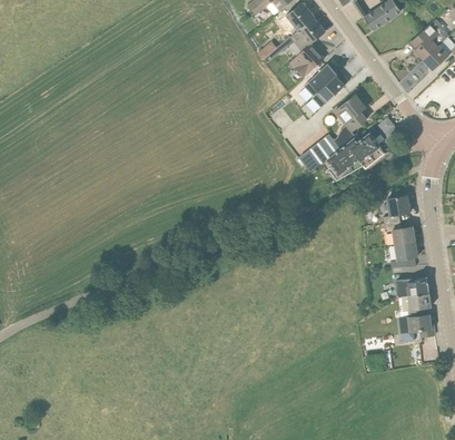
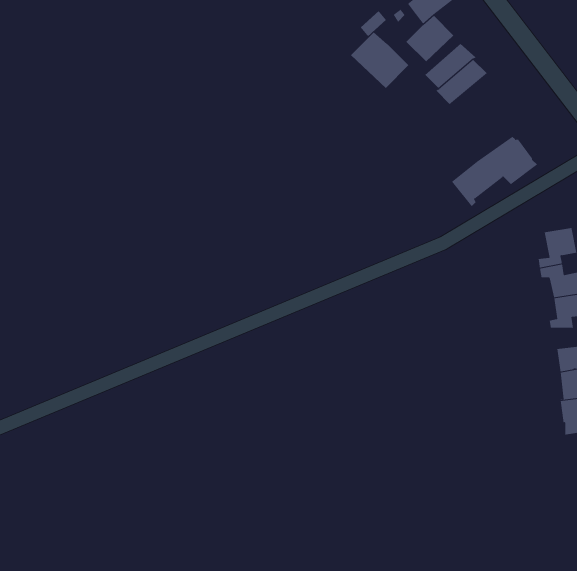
building: none -> [350,32,409,89]
building: [334,94,367,131] -> none
building: [299,134,339,170] -> none

